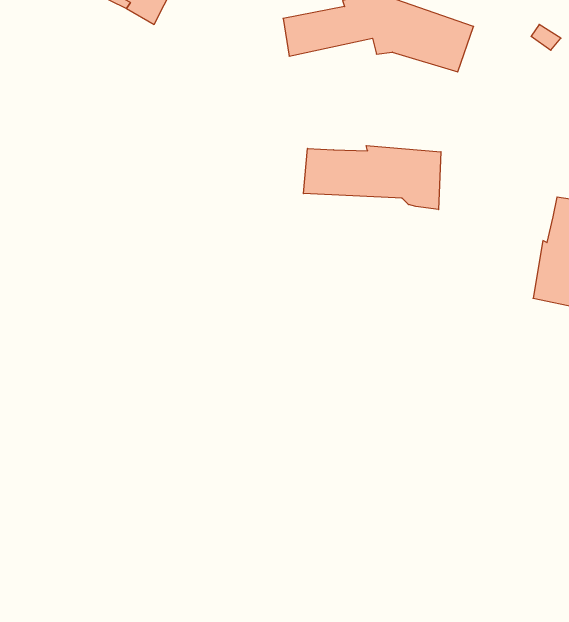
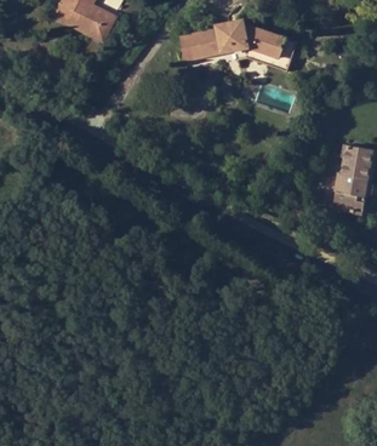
building: [303,146,441,210] -> none

